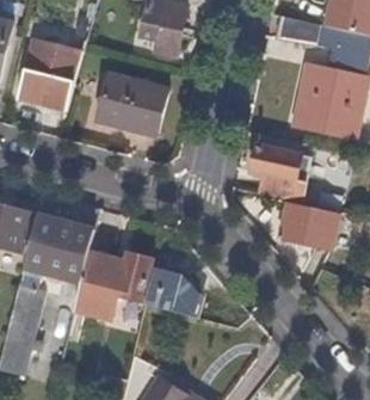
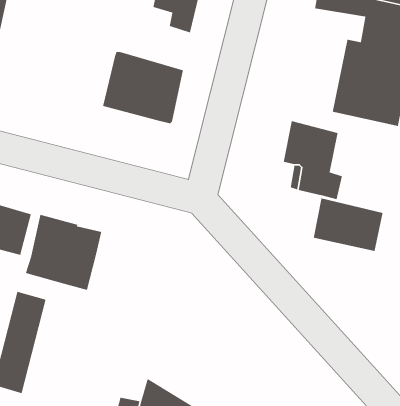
building: [18,42,80,109] -> none
building: [73,248,150,318] -> none
building: [147,254,202,316] -> none

